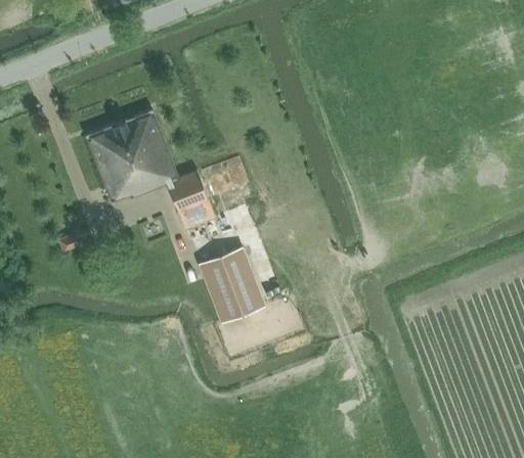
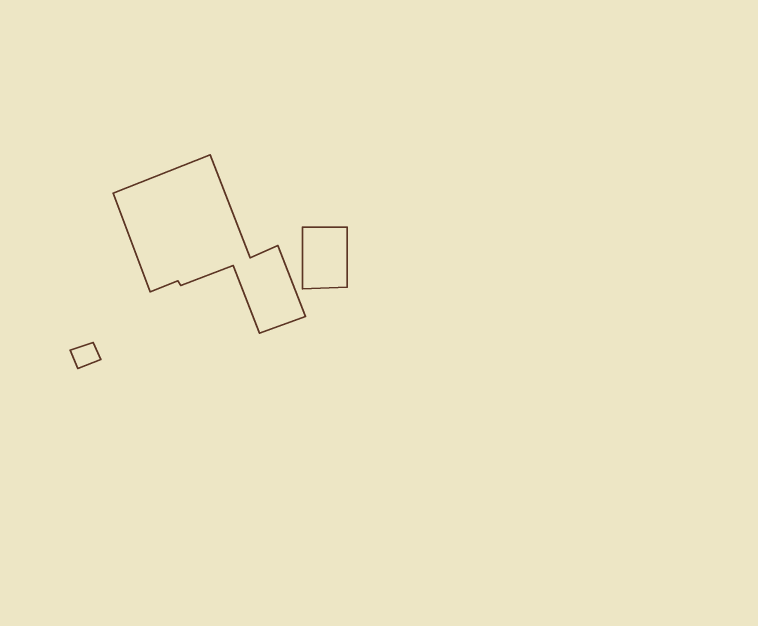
building: [199,248,264,322] -> none

